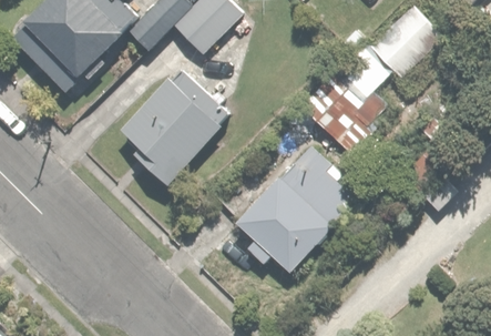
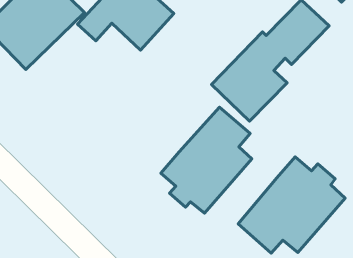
building: [120,70,228,185] -> none
building: none -> [238,157,345,253]

